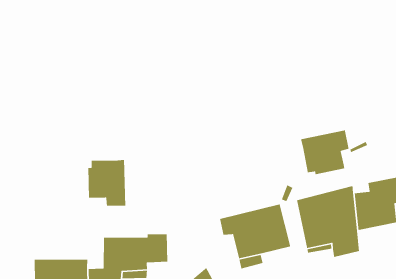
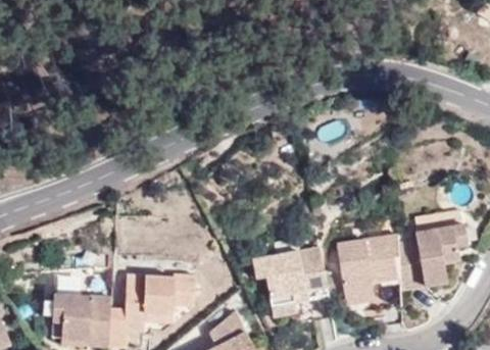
building: [300,129,349,175] -> none
building: [88,159,126,207] -> none

